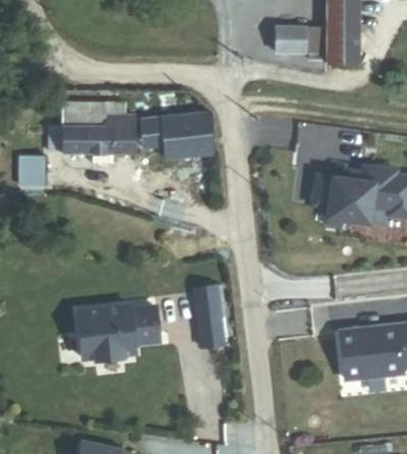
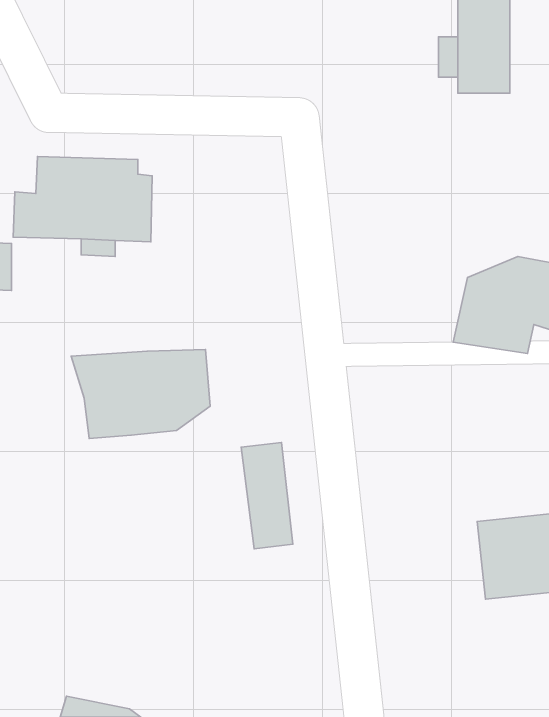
building: [275,26,310,53] -> none
building: [141,110,214,160] -> none
building: [71,305,158,361] -> [71,350,210,439]

